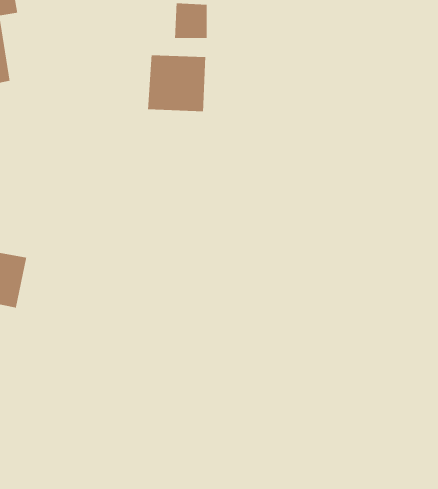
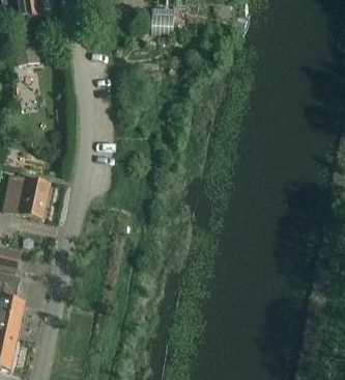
building: [147,55,206,112] -> none

